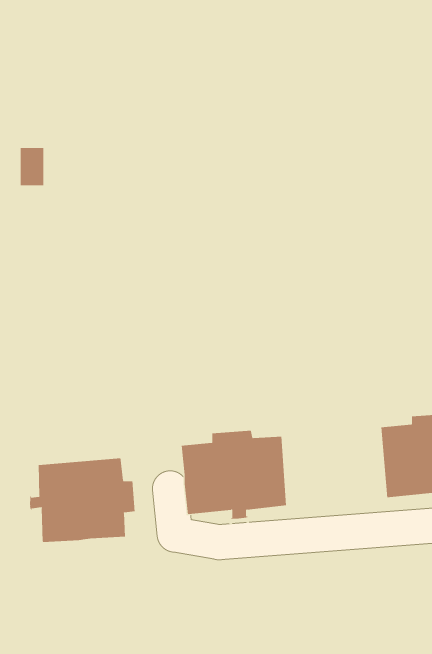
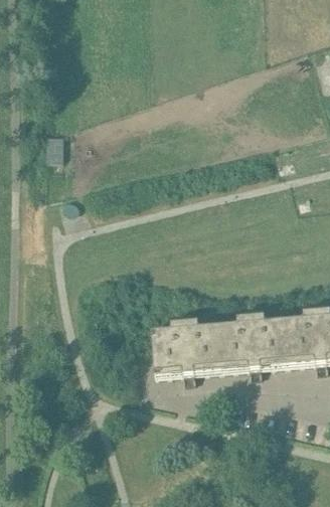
building: none -> [218,316,287,377]
building: [24,458,135,543] -> none

